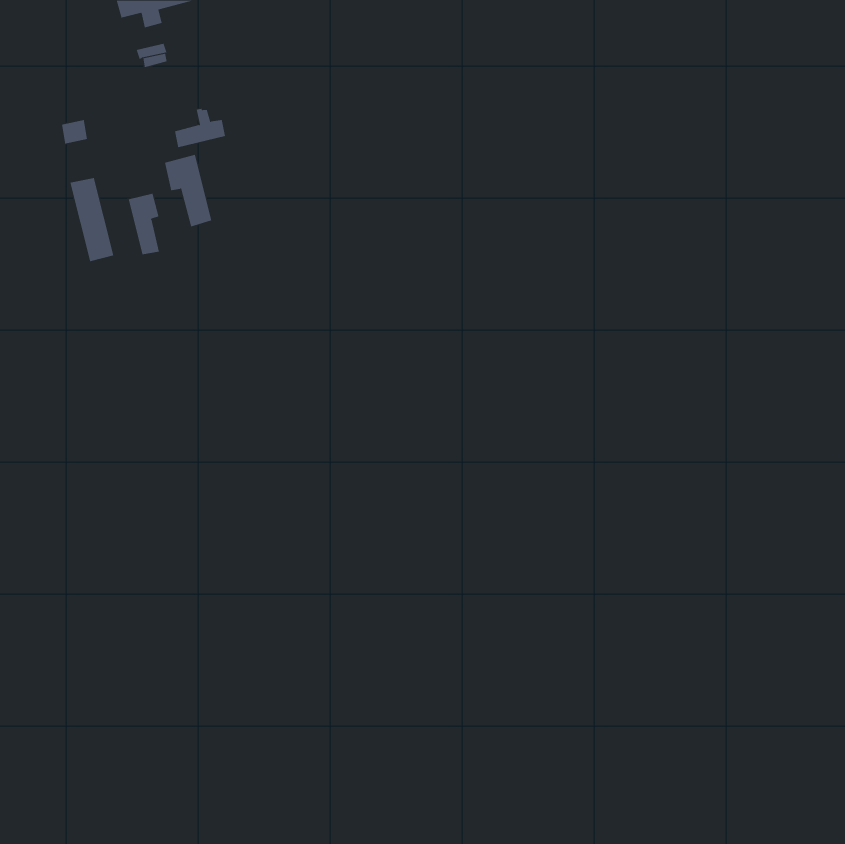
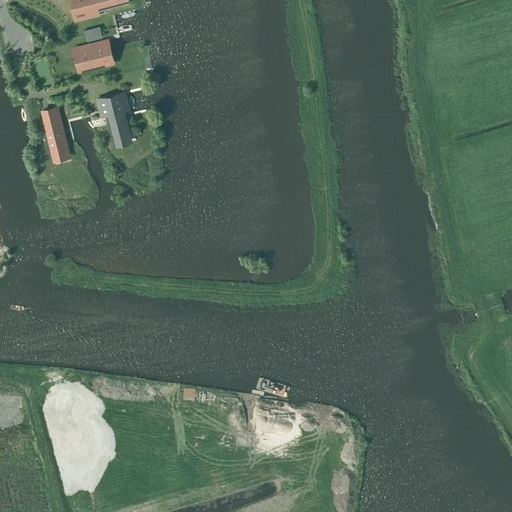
building: [174,108,226,148] -> [76,45,107,69]
building: [128,193,160,255] -> none

